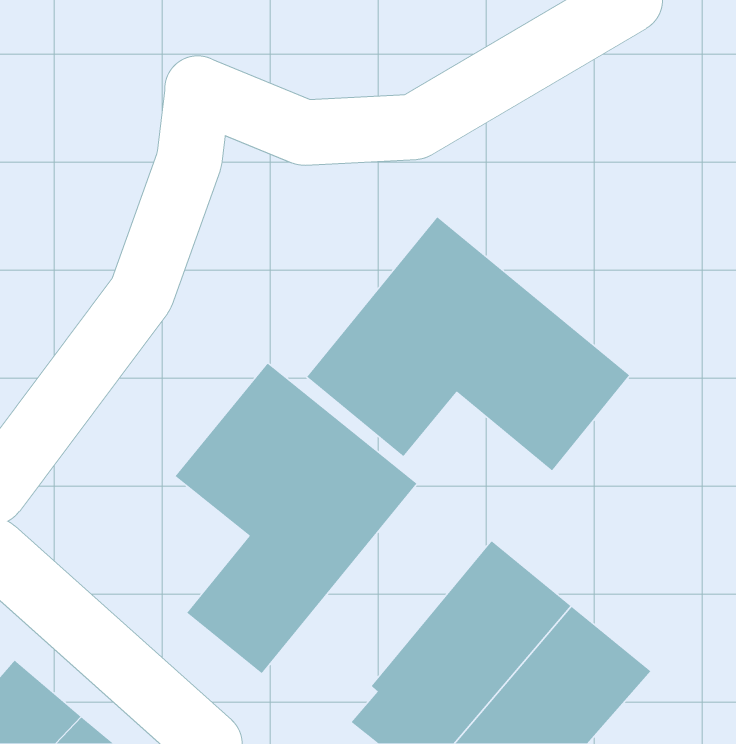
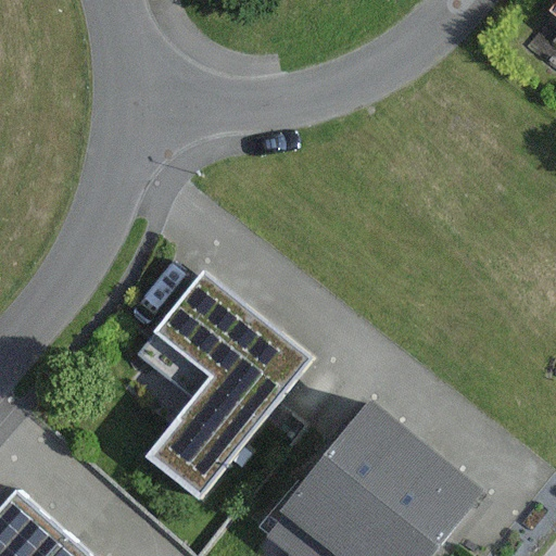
building: [306,216,630,471] -> none

